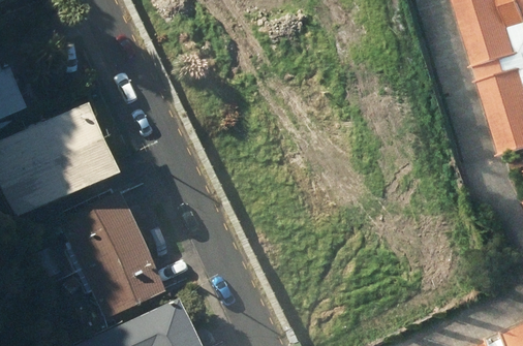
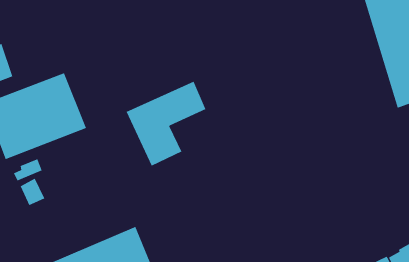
building: none -> [126,81,206,166]
building: [55,187,161,316] -> none

